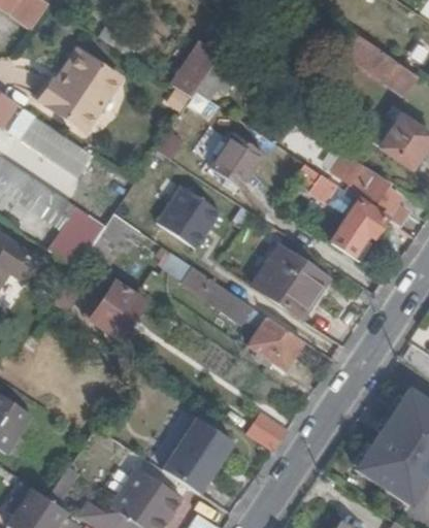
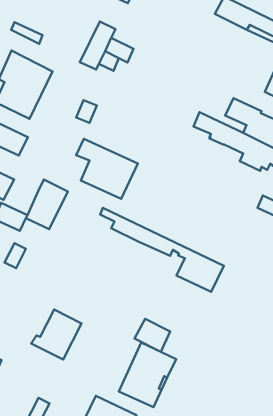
building: [211,131,266,186] -> none
building: [251,244,328,319] -> none
building: [82,280,143,339] -> [31,310,81,359]
building: [245,411,288,452] -> [134,319,170,352]

